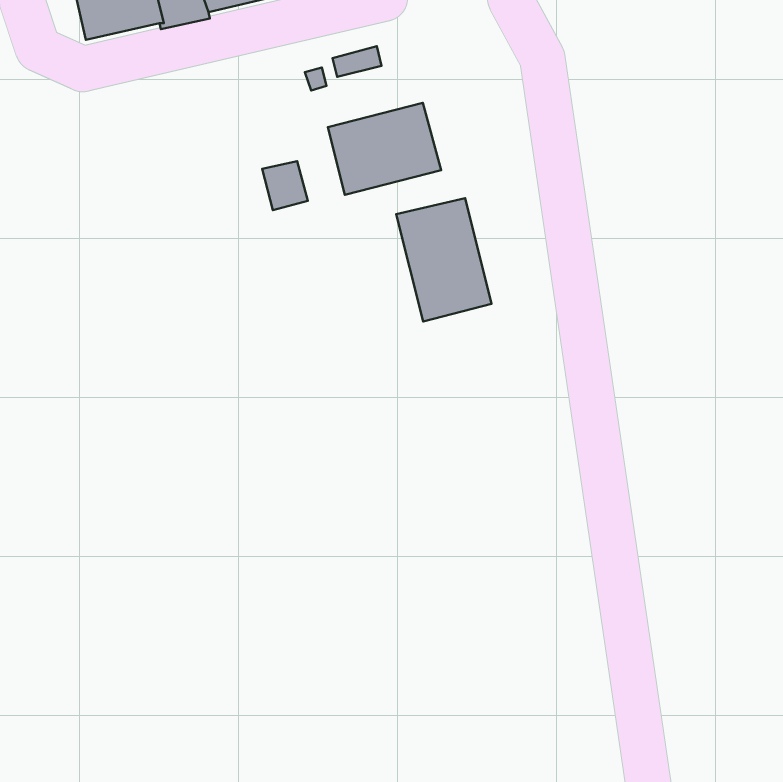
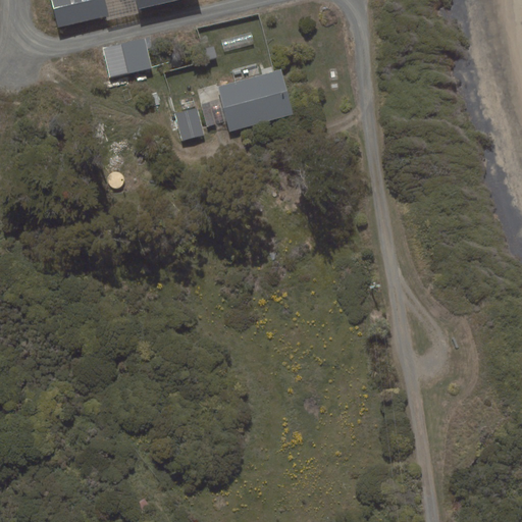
building: none -> [102,37,152,77]
building: [396,198,492,321] -> none

